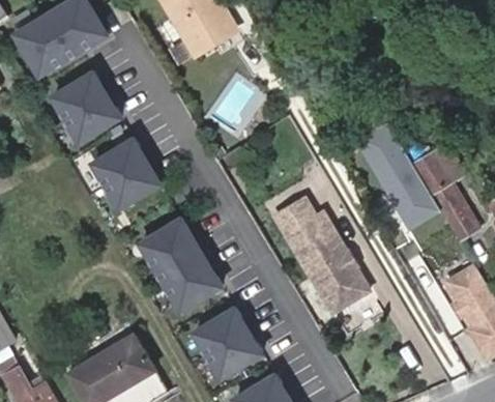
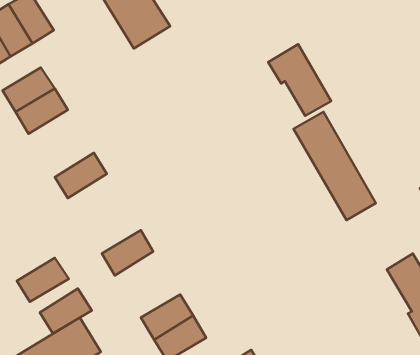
building: none -> [268,44,331,116]
building: [93,141,147,188] -> none
building: [413,152,477,239] -> none
building: [275,203,363,310] -> none
building: [142,221,196,266] -> [17,258,69,302]
building: [169,264,223,311] -> [40,288,92,334]

